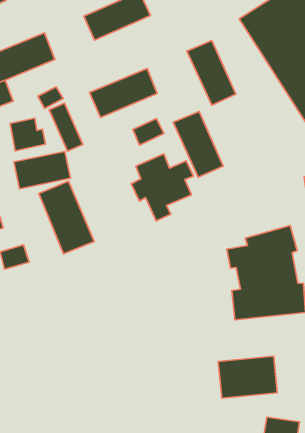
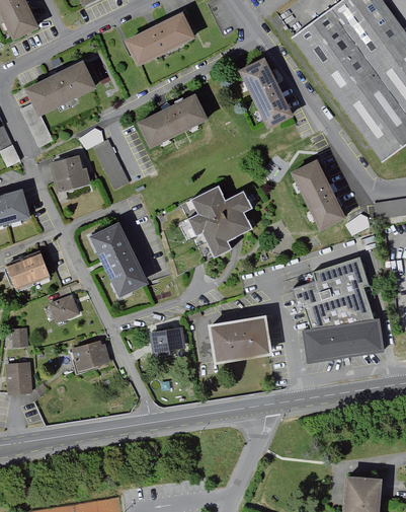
building: [173,112,223,177] -> [291,159,347,230]
building: [133,119,164,145] -> none
building: [14,151,70,189] -> none
building: none -> [150,325,186,354]
building: none -> [72,337,110,370]
building: [218,356,277,398] -> [208,315,273,364]

